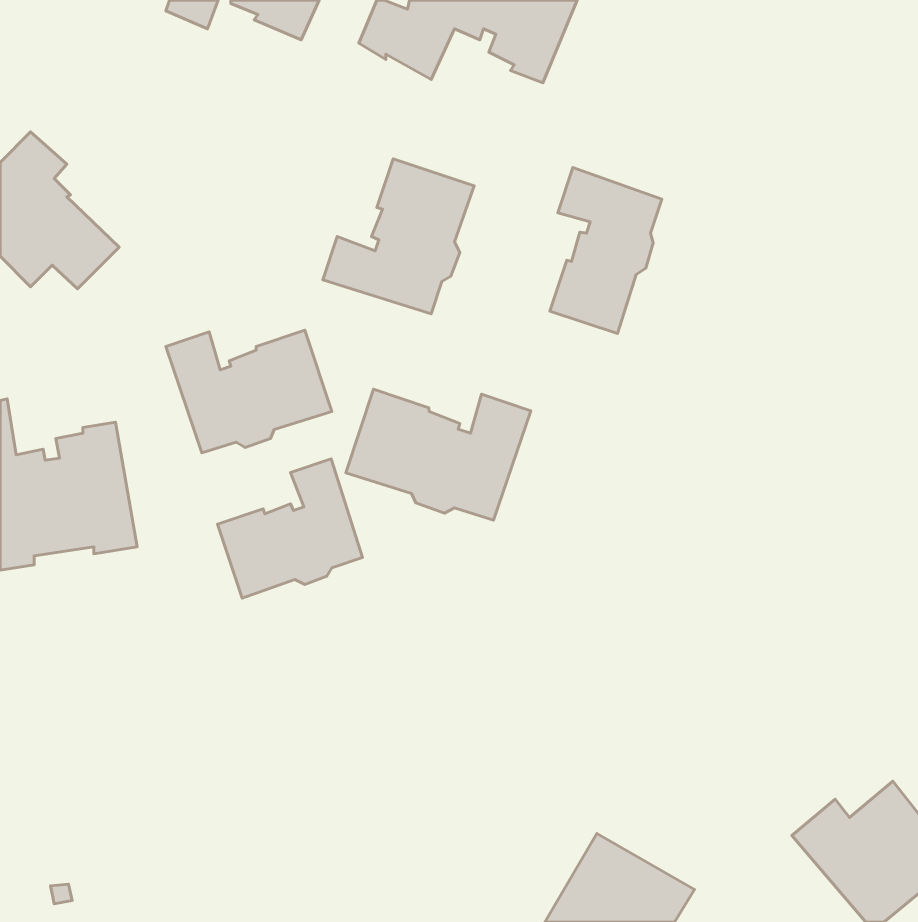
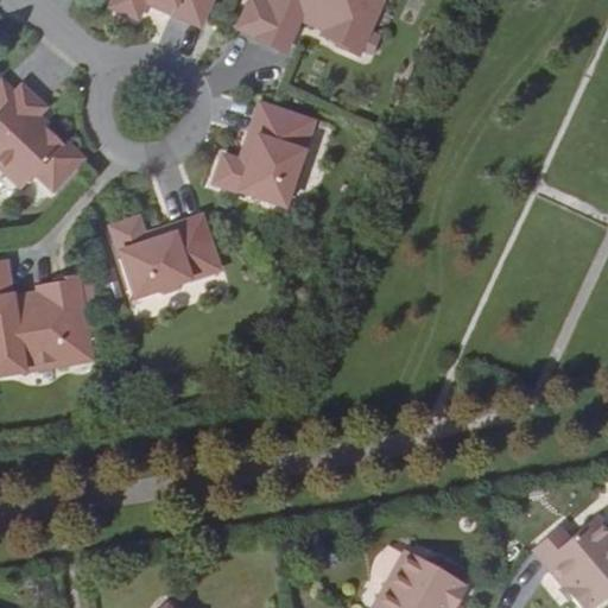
building: [550,168,662,334] -> none
building: [346,389,531,520] -> none
building: [218,459,362,598] -> none

